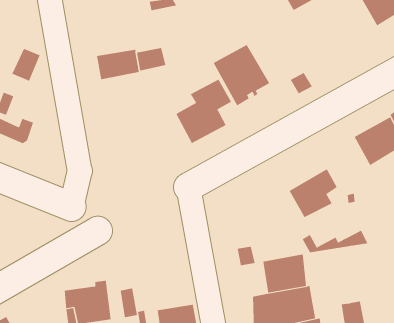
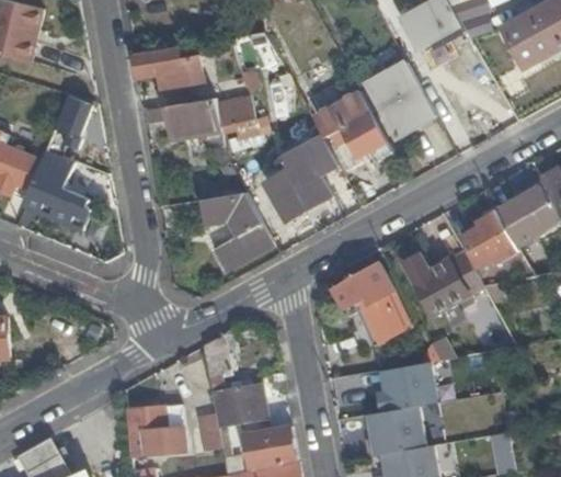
building: none -> [131,47,208,91]
building: none -> [366,61,435,137]
building: none -> [201,192,274,272]
building: none -> [459,207,517,268]
building: none -> [330,265,410,342]
building: none -> [201,334,264,430]

